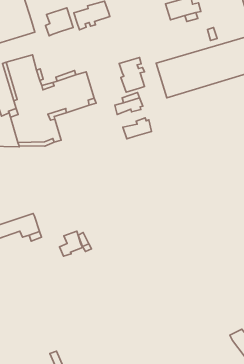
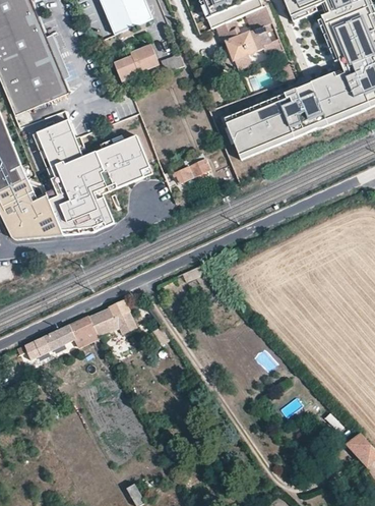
building: [46,8,73,36] -> none
building: [119,57,144,92] -> none
building: [123,118,151,139] -> none
building: [60,231,83,256] -> [103,299,131,332]

